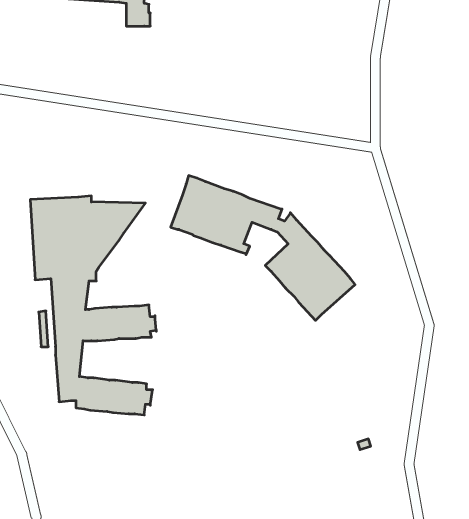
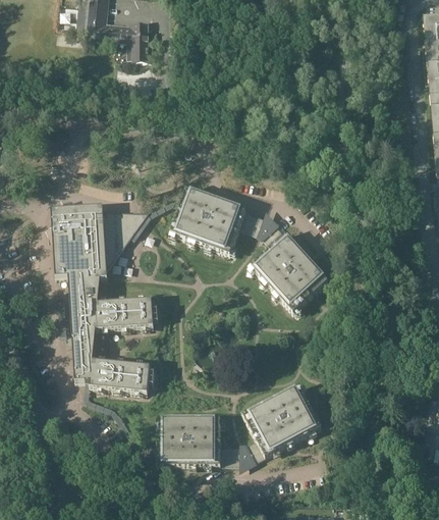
building: none -> [157,383,321,463]

